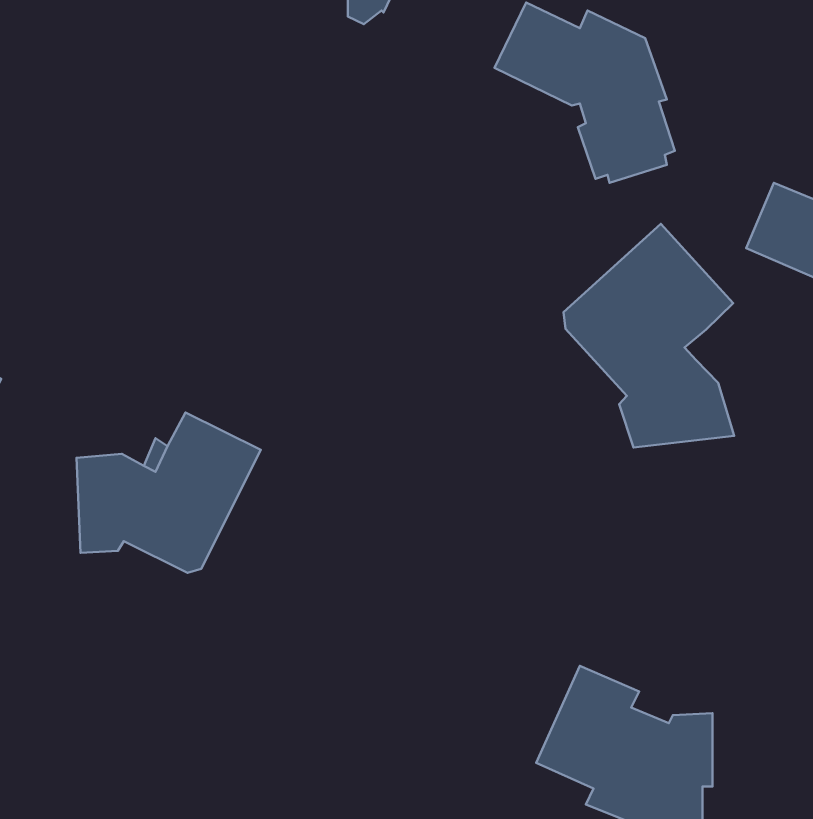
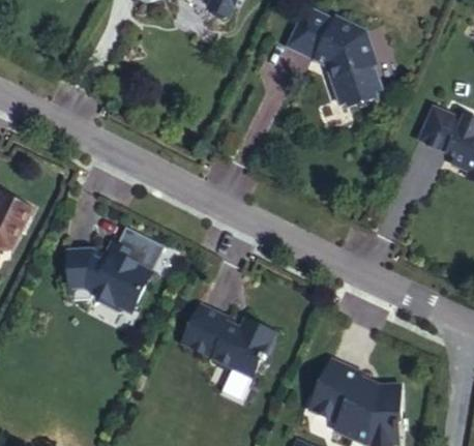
building: [564,224,734,448] -> none
building: none -> [182,303,275,377]

